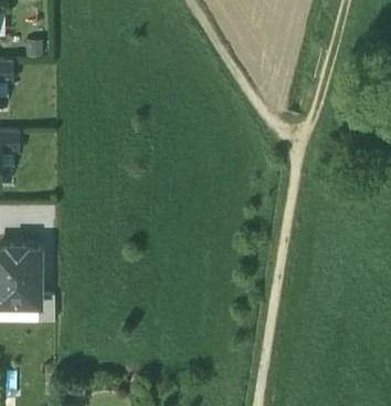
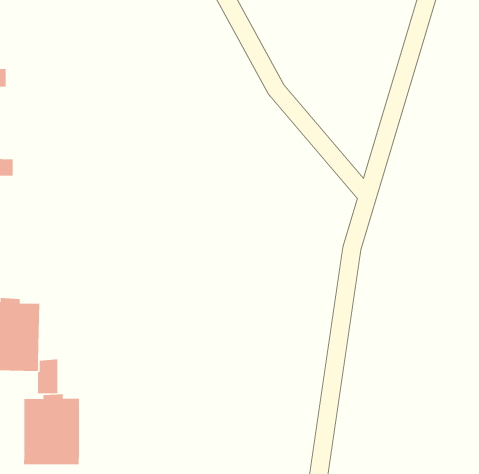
building: none -> [24,394,80,465]

